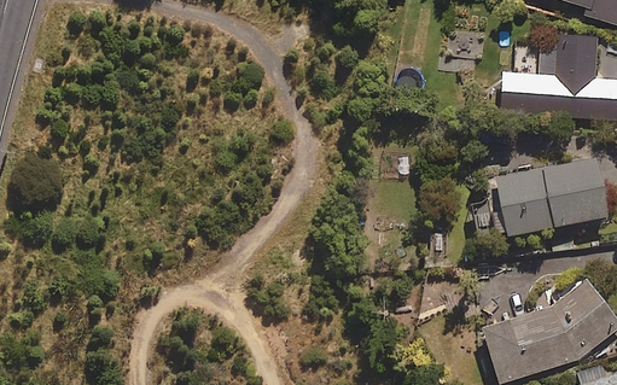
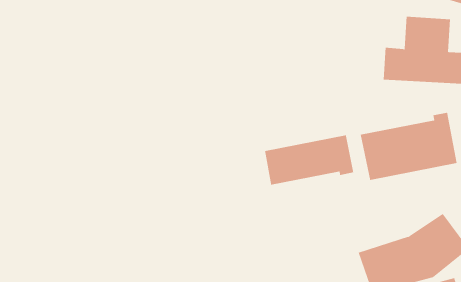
building: none -> [265,135,354,186]

